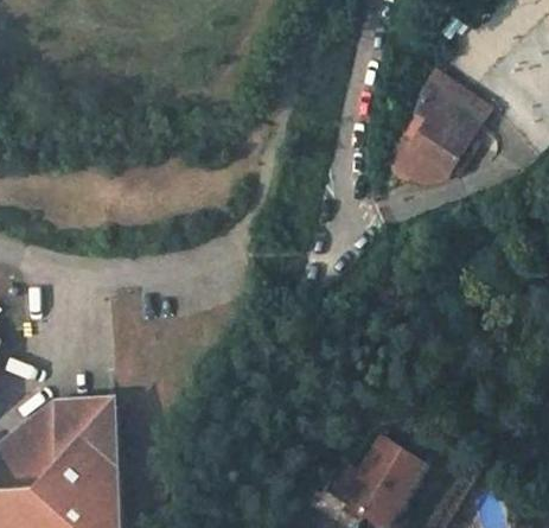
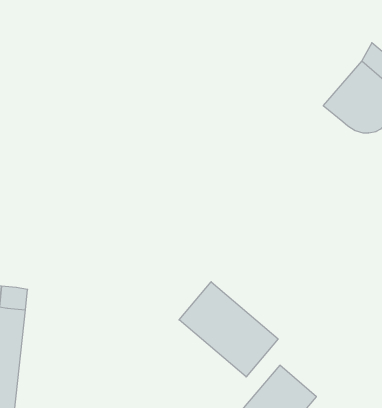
building: none -> [179,282,278,377]

